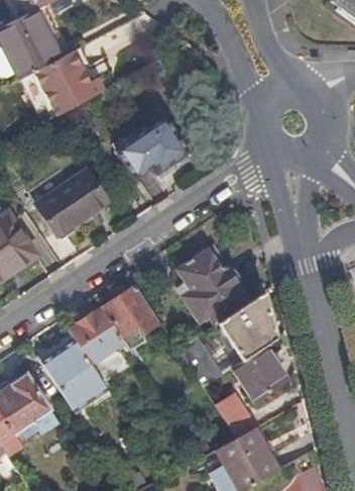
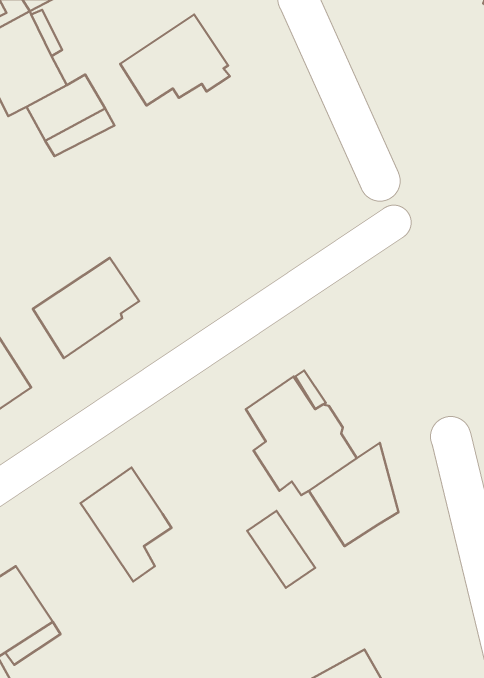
building: [117,118,189,178] -> [120,15,230,106]
building: [102,286,159,338] -> none
building: [41,340,107,411] -> none
building: [230,346,286,402] -> none
building: [215,394,254,437] -> none

